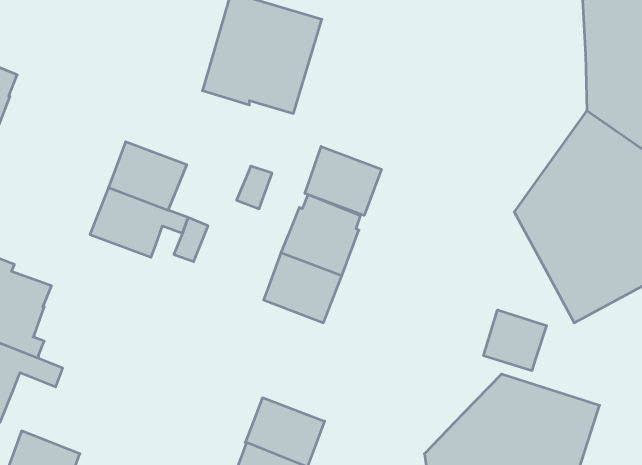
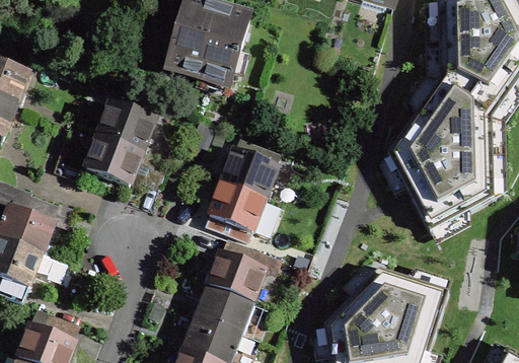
building: [305,146,381,215] -> none
building: [484,310,547,371] -> none
building: none -> [209,240,281,303]

